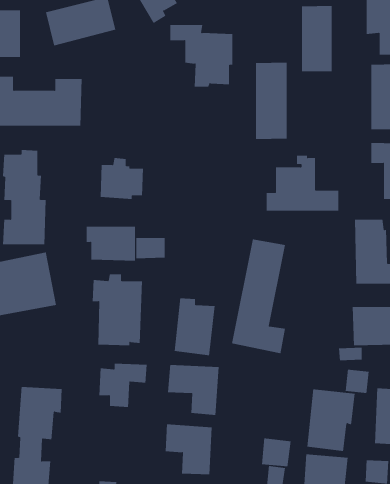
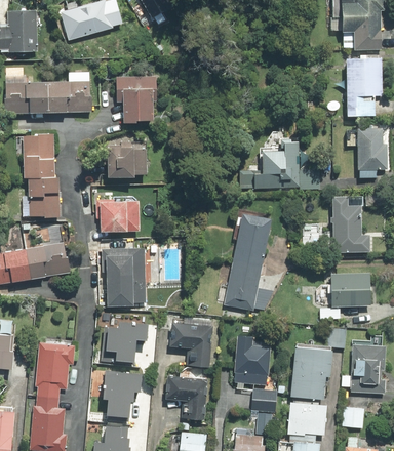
building: [302,5,332,72] -> none
building: [169,25,233,87] -> [102,68,158,123]
building: [255,62,287,140] -> none
building: [136,237,165,259] -> none
building: [174,298,216,356] -> [234,334,271,385]
building: none -> [103,371,142,417]

